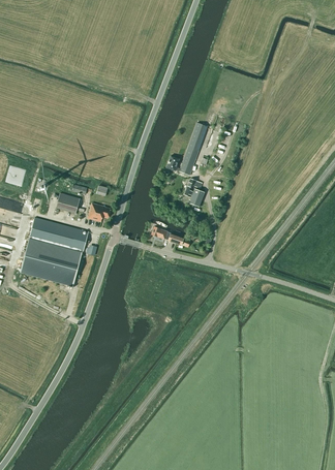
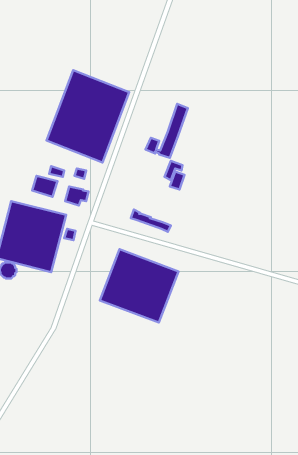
building: none -> [46,70,129,163]
building: none -> [100,249,179,323]

